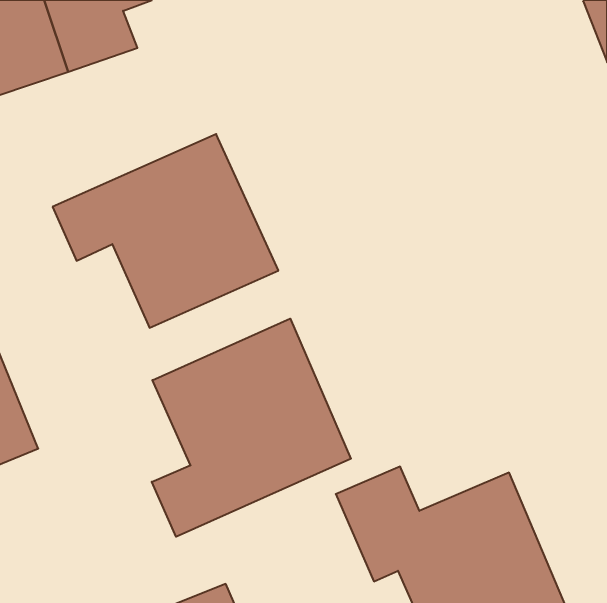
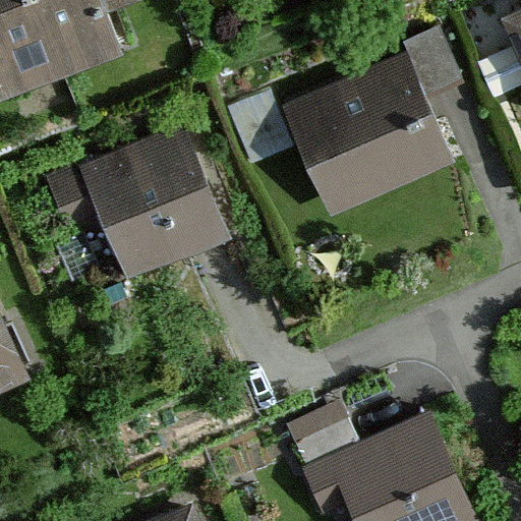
building: none -> [280,50,454,219]
building: [152,319,351,537] -> none

